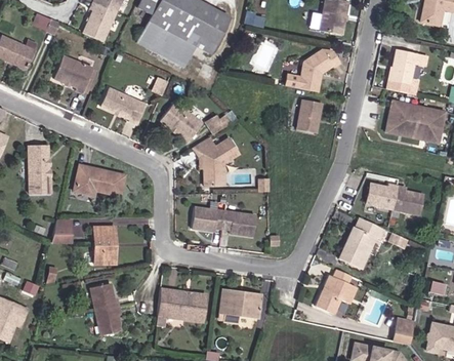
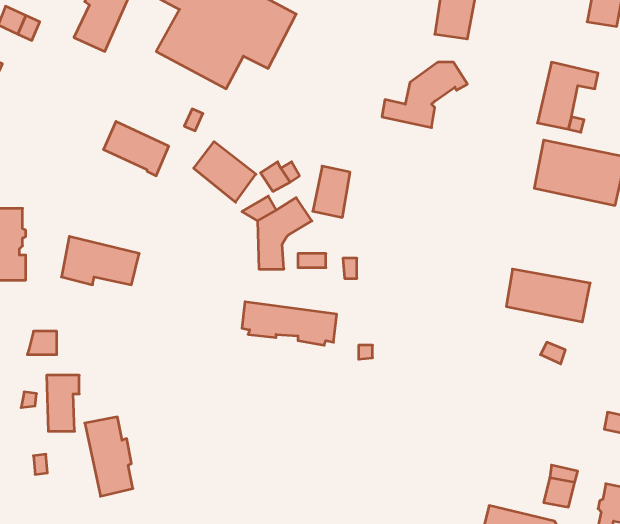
building: [54,55,93,92] -> none
building: [296,98,321,132] -> [313,166,350,217]
building: [338,216,384,269] -> none
building: [93,226,115,263] -> [47,375,79,431]
building: [315,268,352,313] -> none
building: [157,287,206,321] -> none
building: [219,288,261,322] -> none

